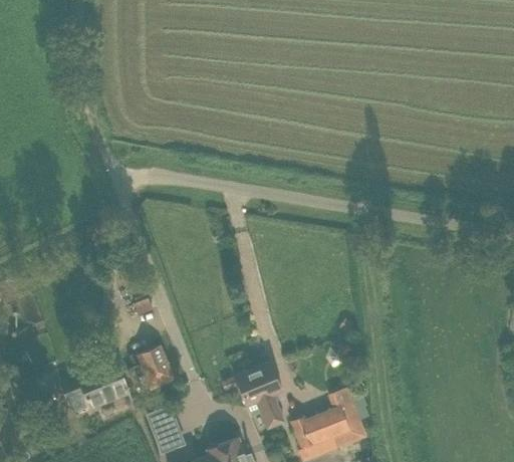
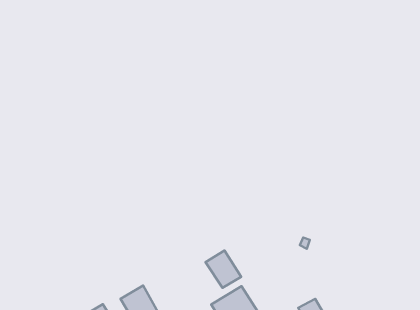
building: none -> [206,250,241,288]

